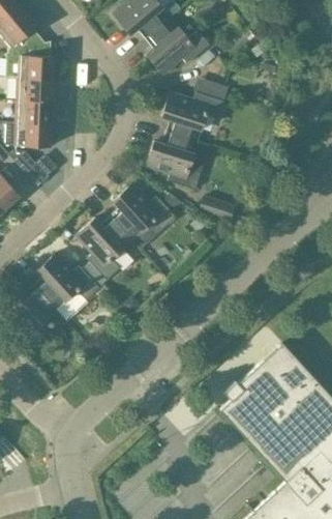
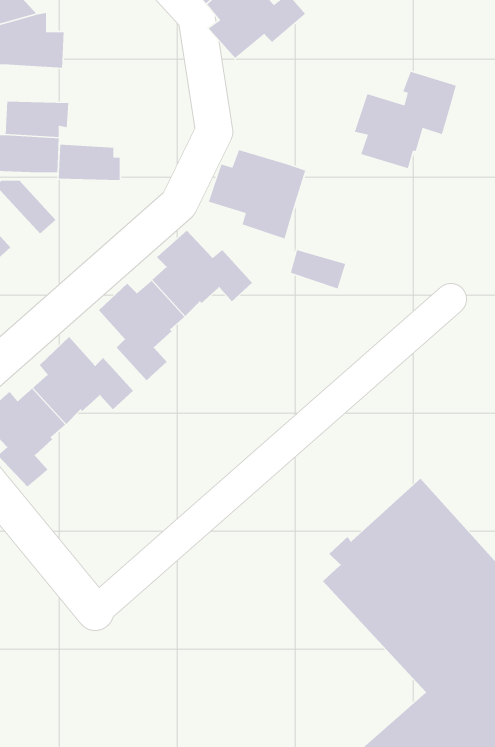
building: [17,78,57,102] -> [58,144,121,181]
building: [161,78,228,141] -> [354,71,457,169]

